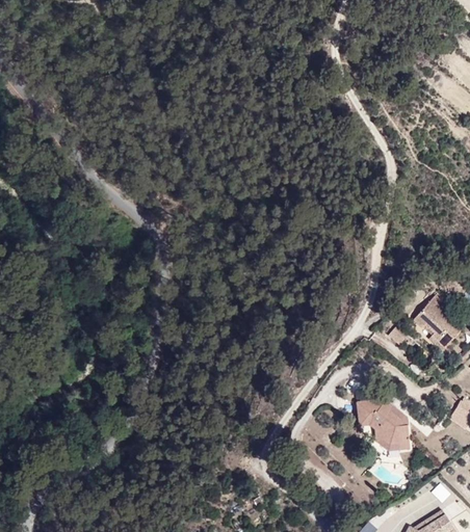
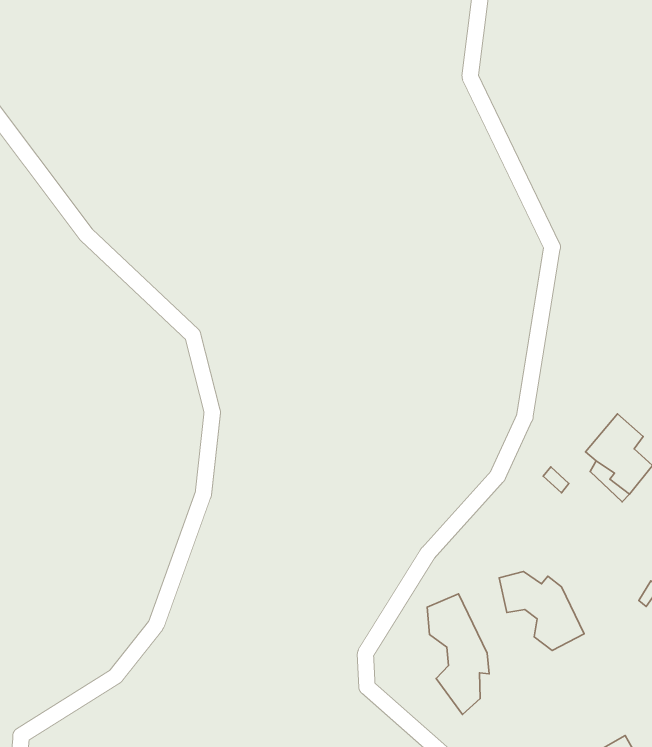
building: none -> [427,594,489,714]

